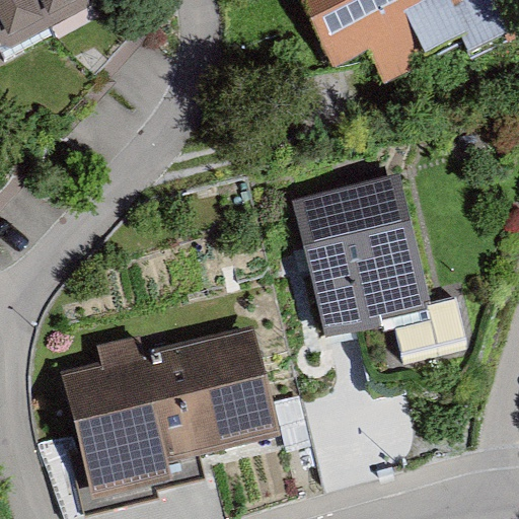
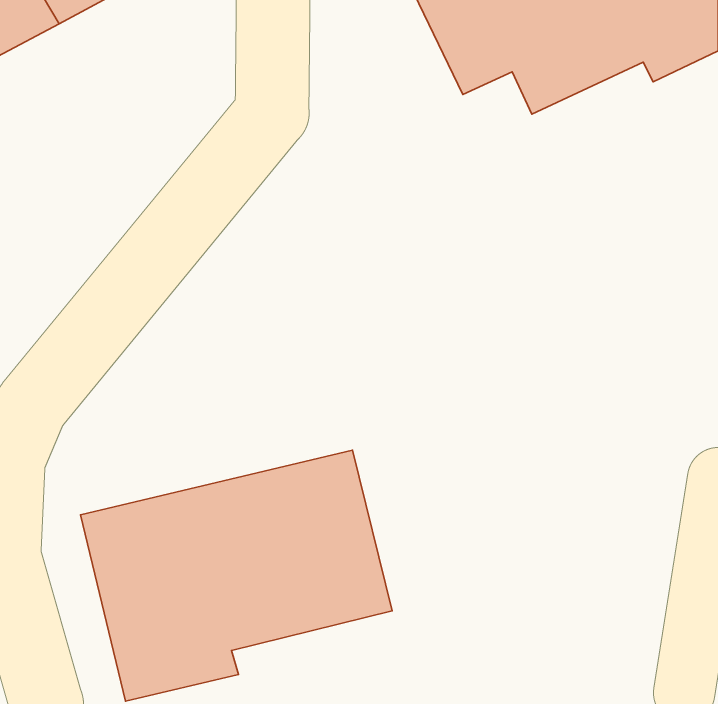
building: [293,175,469,357] -> none

